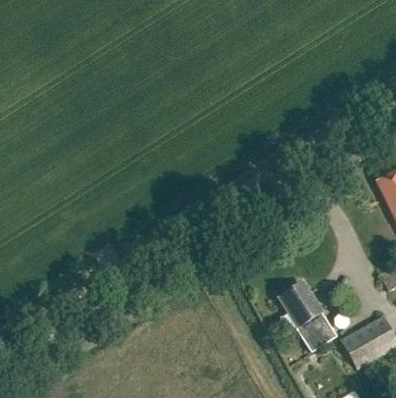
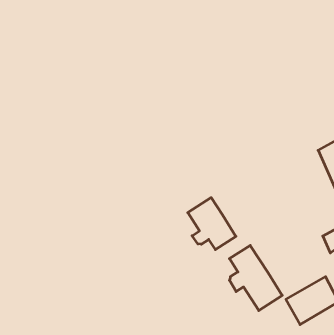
building: none -> [188,198,236,250]

